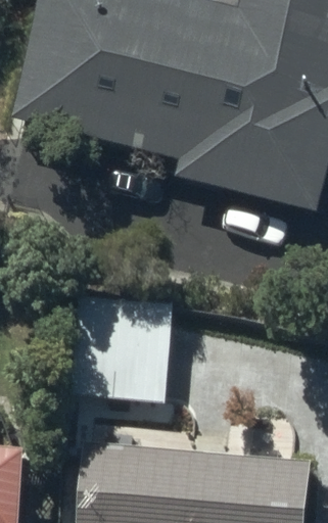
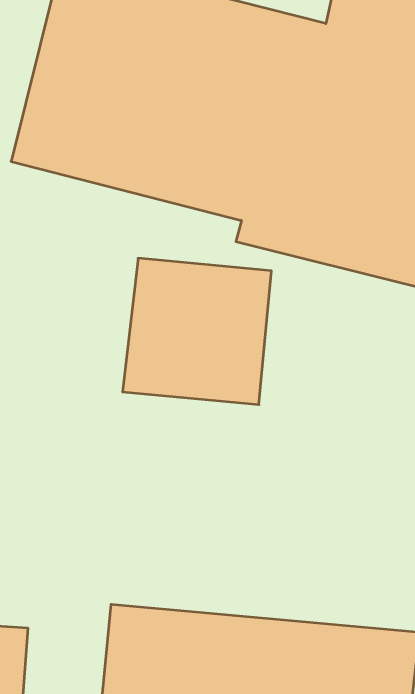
building: [66,297,175,403] -> [123,258,271,405]

